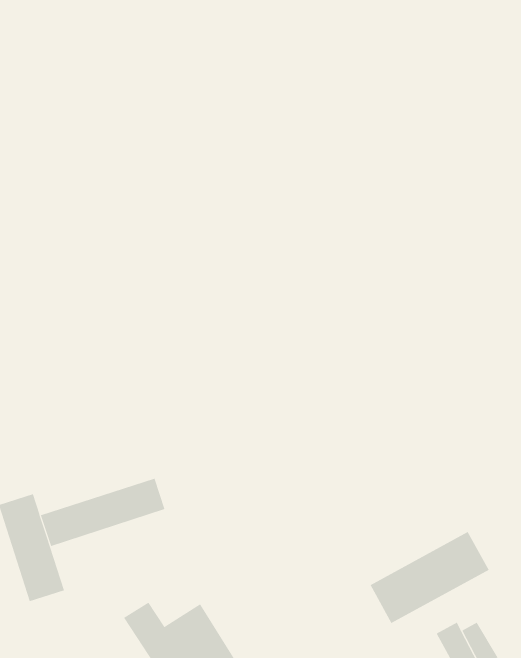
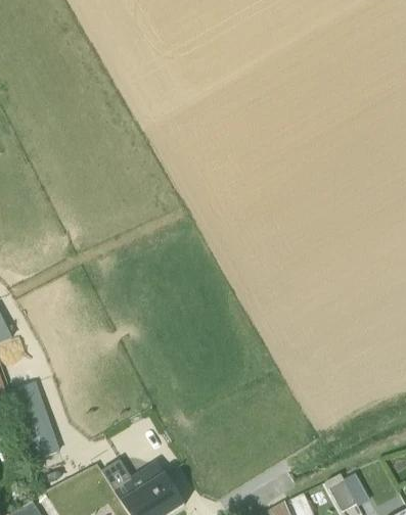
building: [40,478,165,547] -> none
building: [370,531,489,624] -> none

